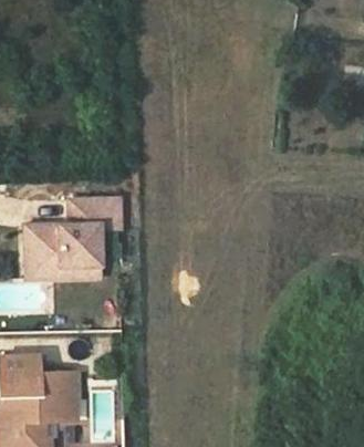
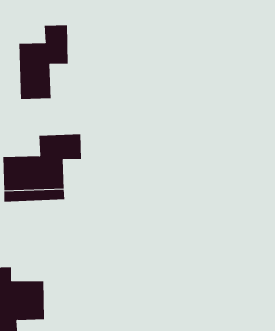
building: none -> [19,25,68,100]

